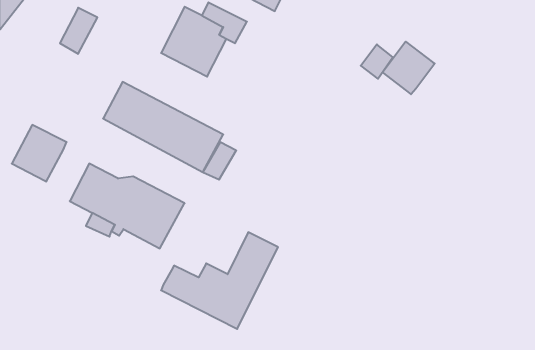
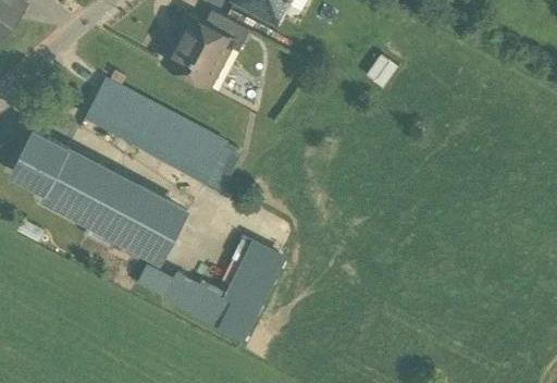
building: [60,8,97,54] -> [86,81,124,127]
building: [383,42,435,94] -> none
building: none -> [42,159,90,211]
building: none -> [137,263,175,296]

